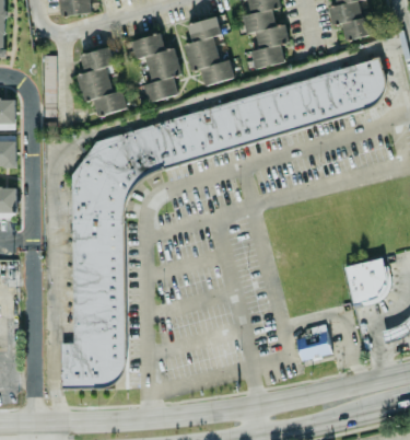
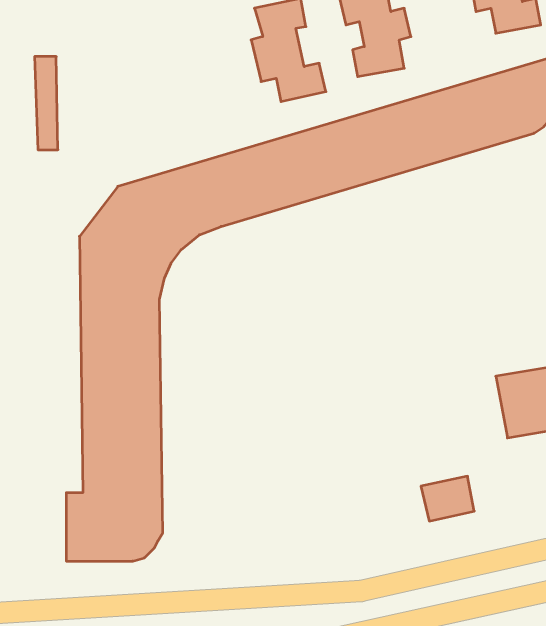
building: [131,34,180,102] -> none
building: [77,46,126,115] -> none

